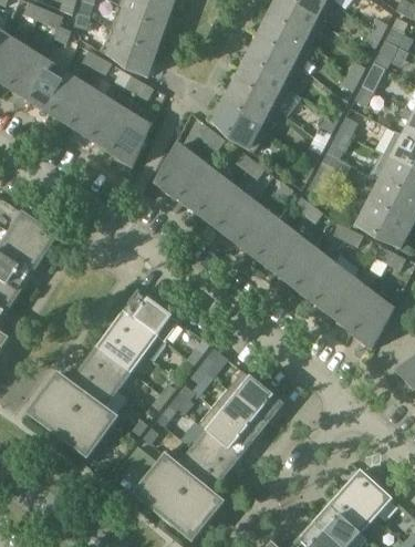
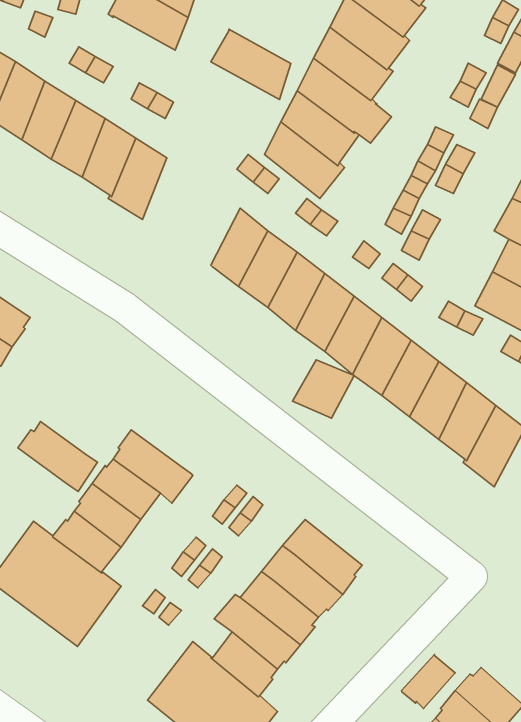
building: [100,29,154,76] -> [211,29,291,99]
building: [157,144,198,200] -> none
building: none -> [292,360,354,418]
building: [124,292,178,340] -> [18,422,98,492]
building: none -> [402,654,455,709]

